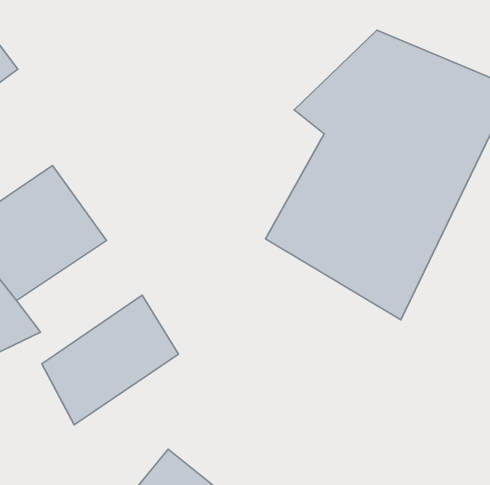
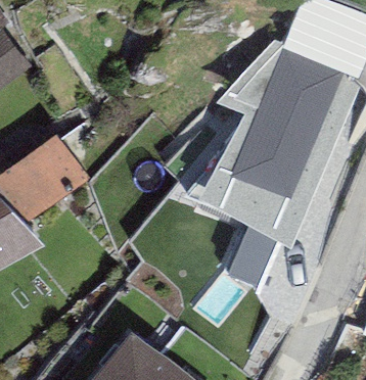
building: [42,295,178,425] -> none

